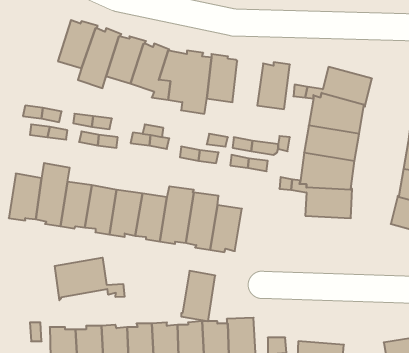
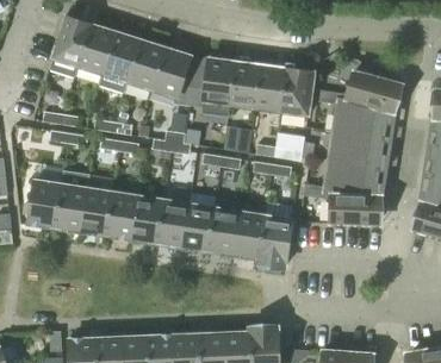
building: none -> [49,13,91,76]
building: none -> [255,62,286,111]
building: [55,258,125,300] -> none
building: [181,271,215,321] -> [256,215,291,267]

